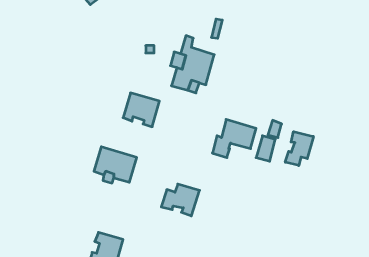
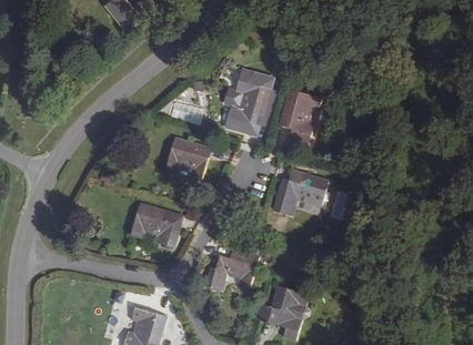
building: none -> [279,88,320,145]
building: [285,132,313,166] -> none
building: none -> [266,285,308,331]

